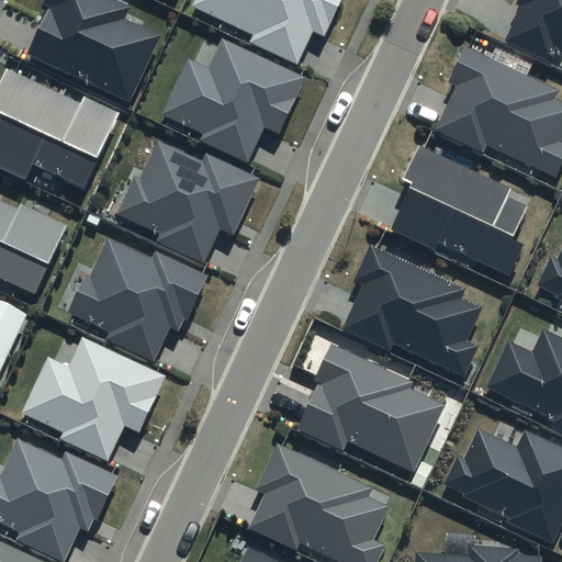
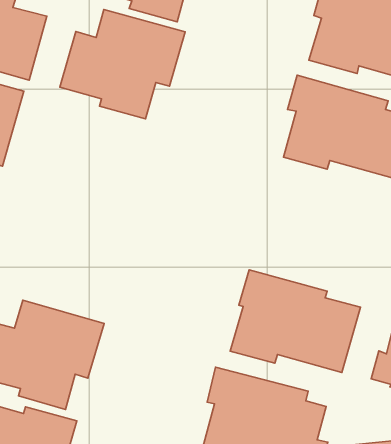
building: [115,142,259,266] -> none
building: [67,238,209,361] -> none
building: [341,246,482,376] -> none

